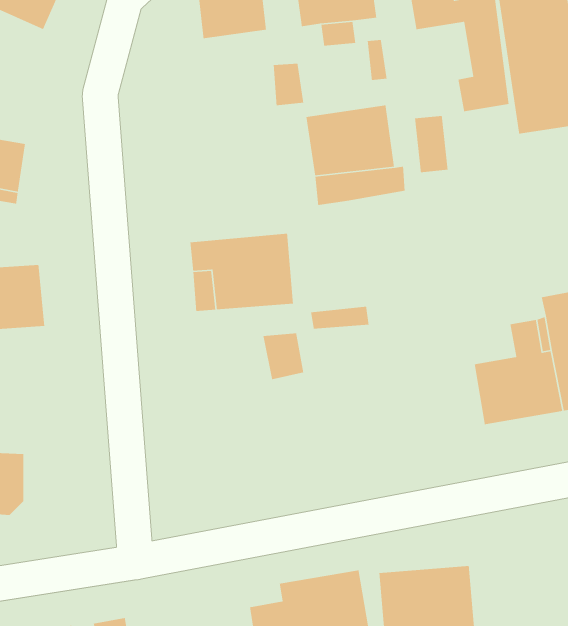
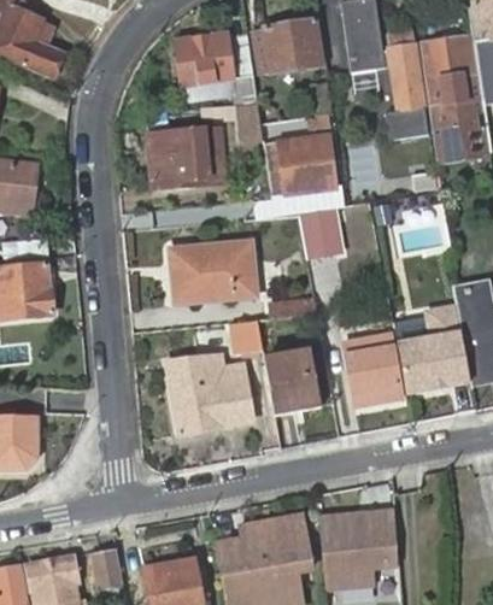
building: none -> [147,127,225,188]
building: none -> [301,211,340,257]
building: none -> [344,337,403,405]
building: none -> [262,348,318,413]
building: none -> [168,354,253,433]

